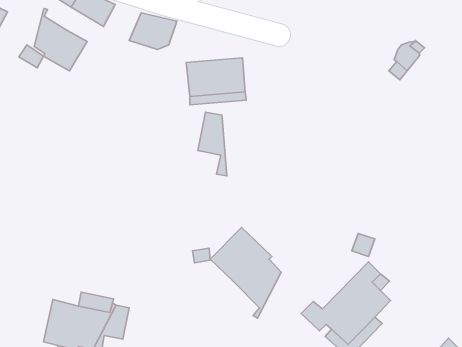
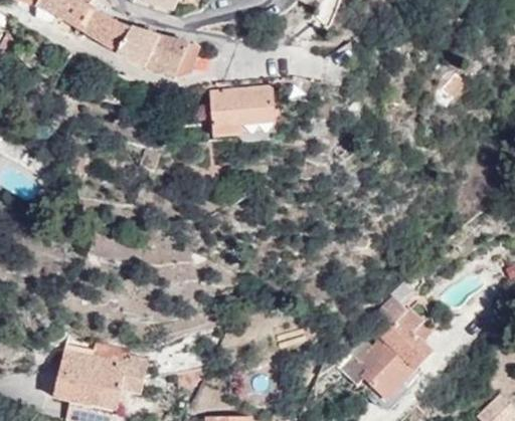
building: none -> [119,26,160,65]
building: [34,8,87,71] -> none
building: [198,112,227,176] -> none
building: [210,228,281,318] -> none

